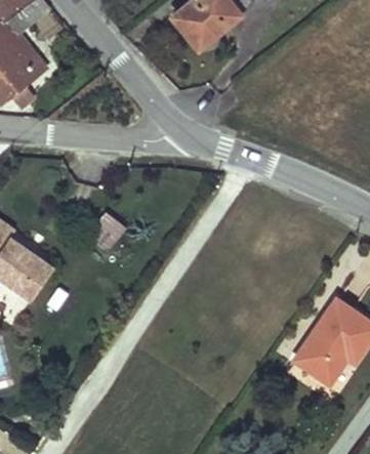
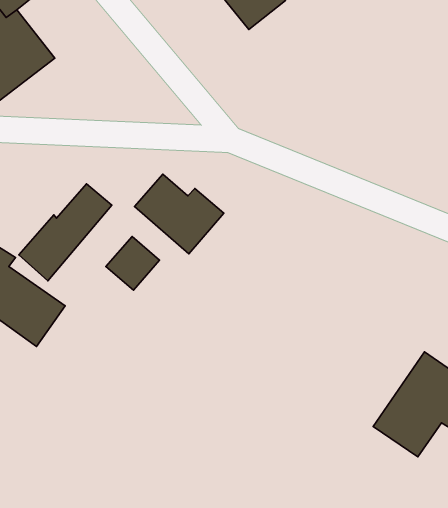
building: none -> [134,174,224,254]
building: none -> [19,184,112,281]

